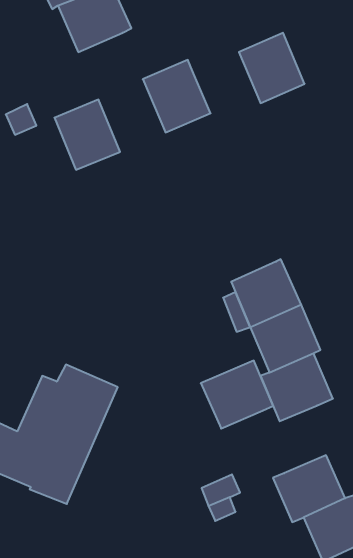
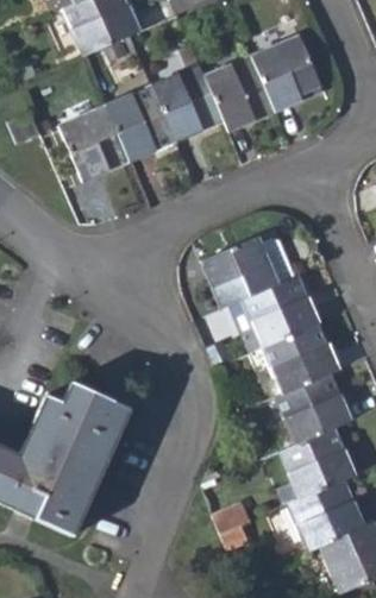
building: none -> [205,57,276,131]
building: none -> [106,86,176,162]
building: none -> [202,235,293,308]
building: [201,361,273,429] -> [280,428,356,499]

